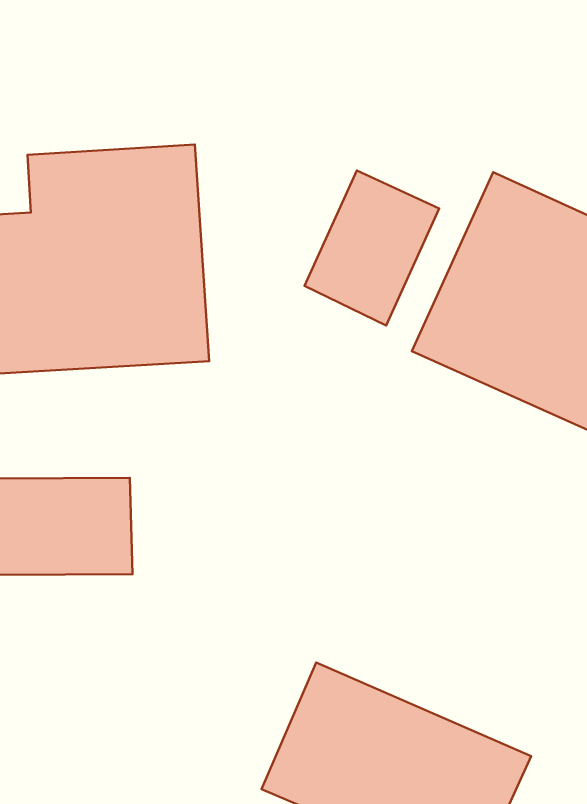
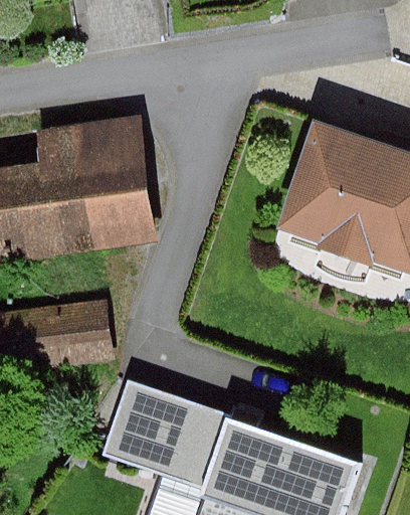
building: [304,171,439,325] -> none
building: none -> [104,383,226,494]

